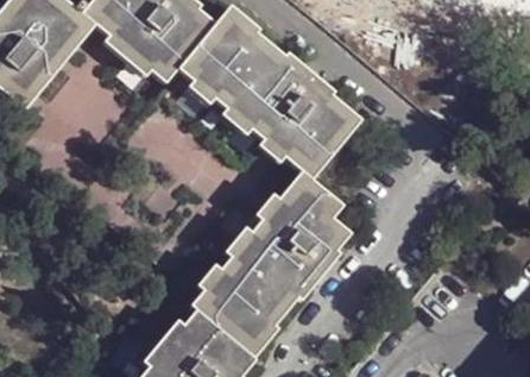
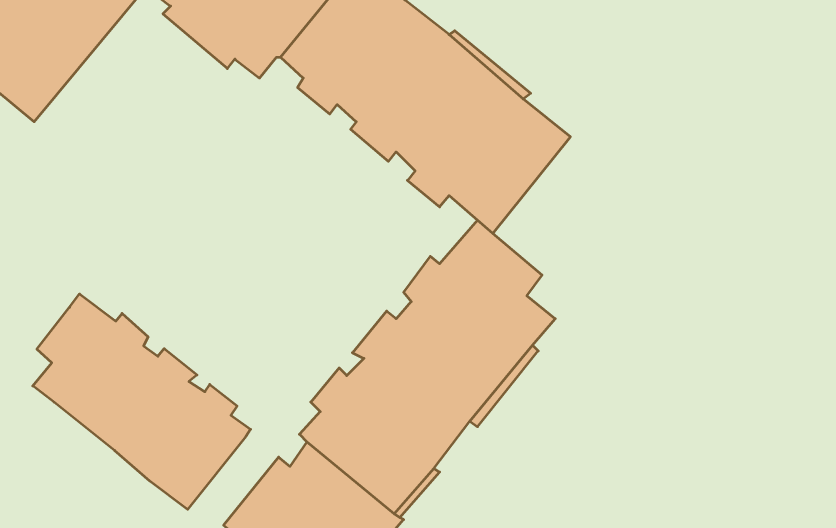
building: none -> [33,294,251,509]

